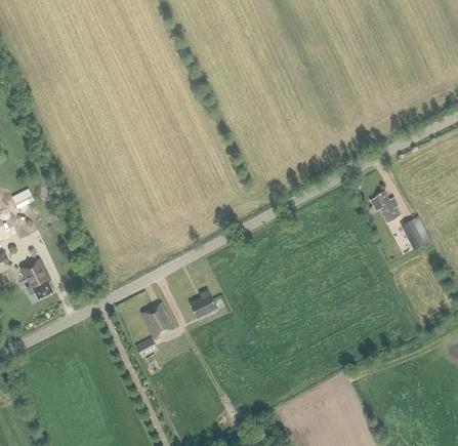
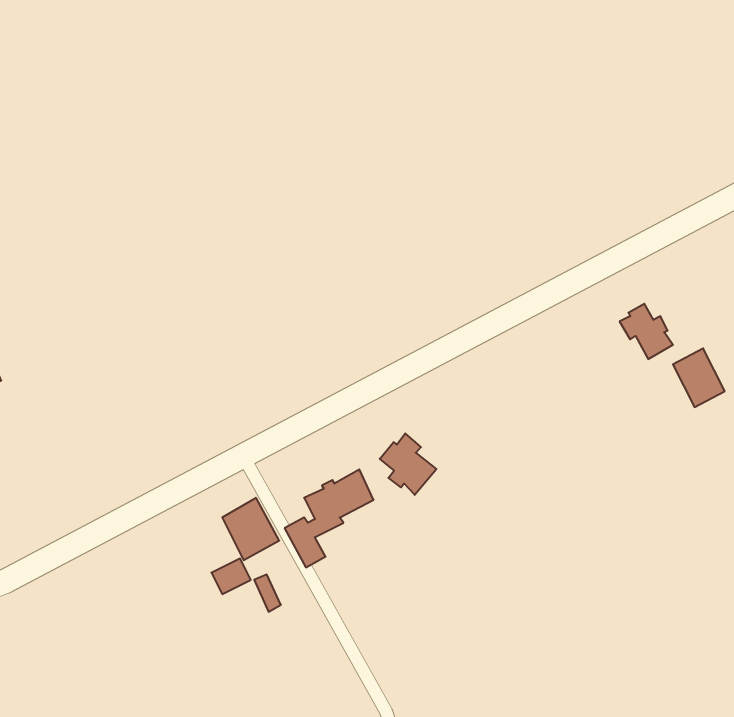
building: [19,259,52,299] -> none
building: none -> [380,433,436,495]

